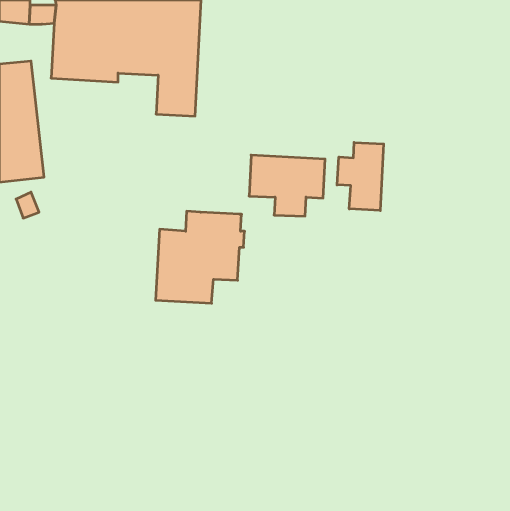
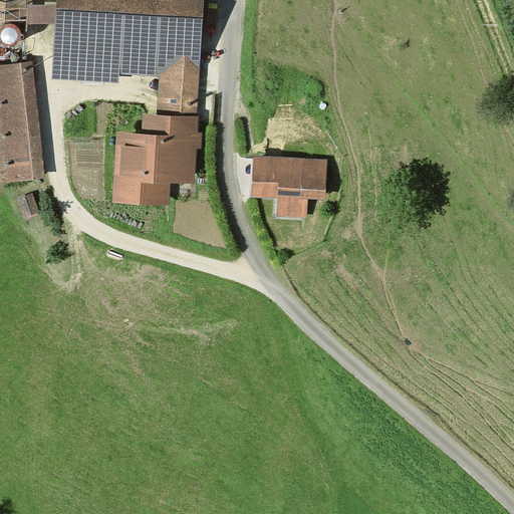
building: [337,142,384,211] -> none
building: [156,211,245,303] -> [111,113,201,206]

